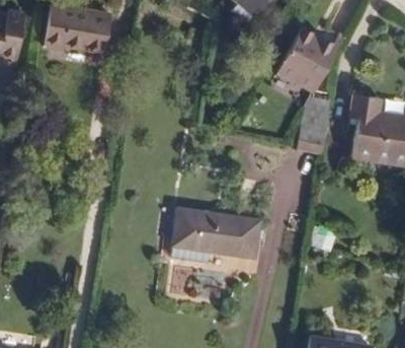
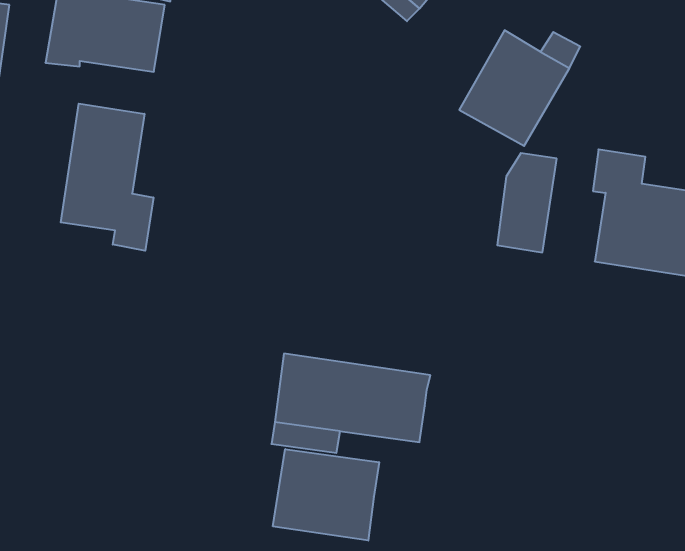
building: none -> [61,104,153,251]
building: none -> [273,449,379,541]

